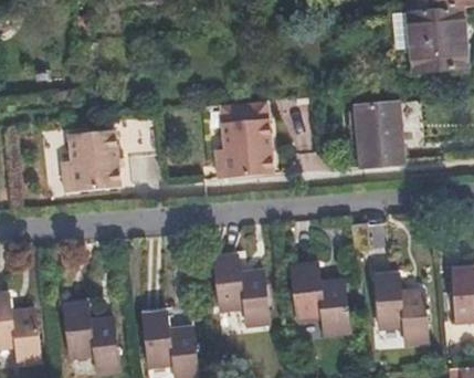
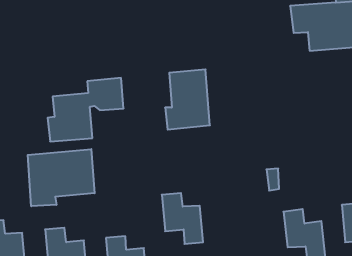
building: [352,103,401,168] -> none
building: none -> [28,149,95,206]
building: [292,269,348,335] -> none

